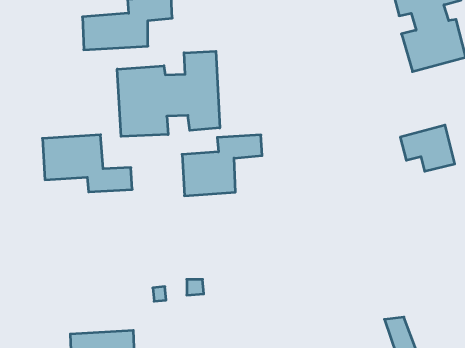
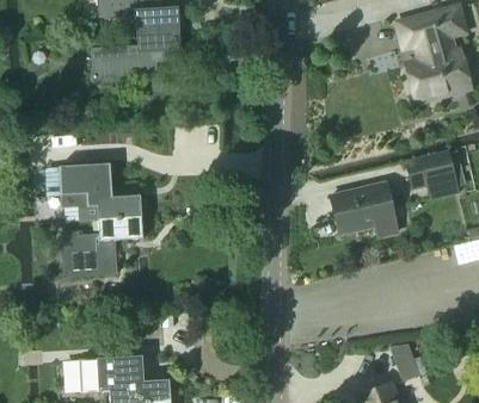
building: [117,51,220,136] -> none
building: [182,135,262,196] -> [63,217,142,277]
building: none -> [330,181,397,235]

